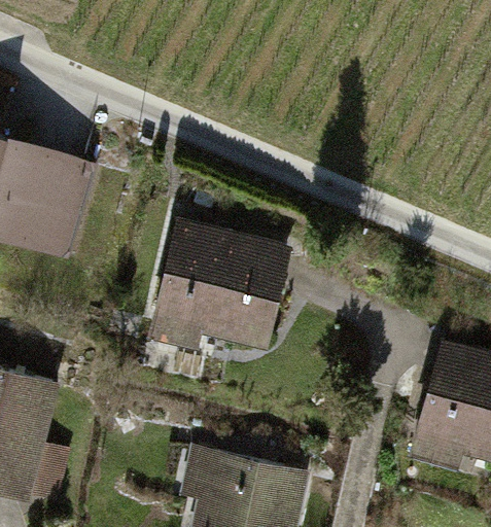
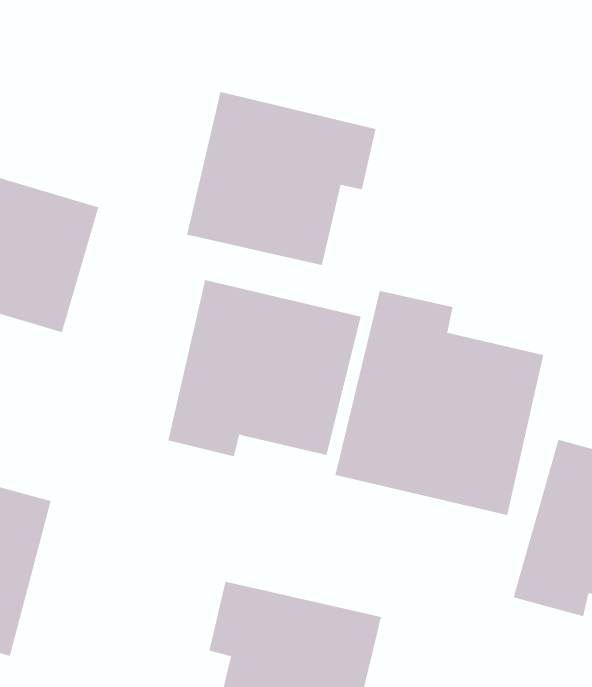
building: none -> [186,91,376,266]
building: none -> [335,290,544,516]

